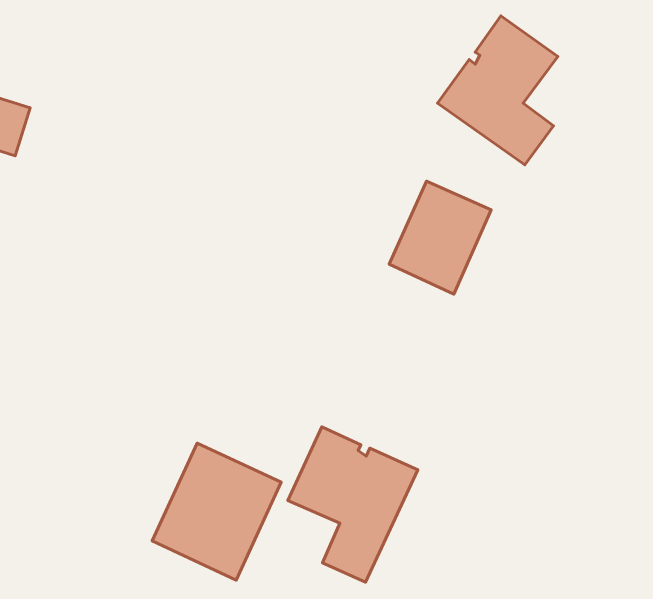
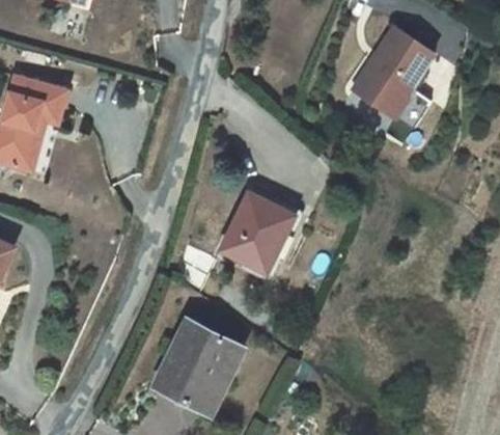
building: [389,181,491,294] -> [220,196,290,274]
building: [288,427,418,582] -> none

